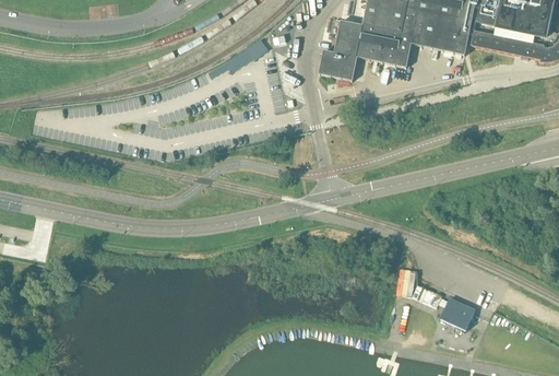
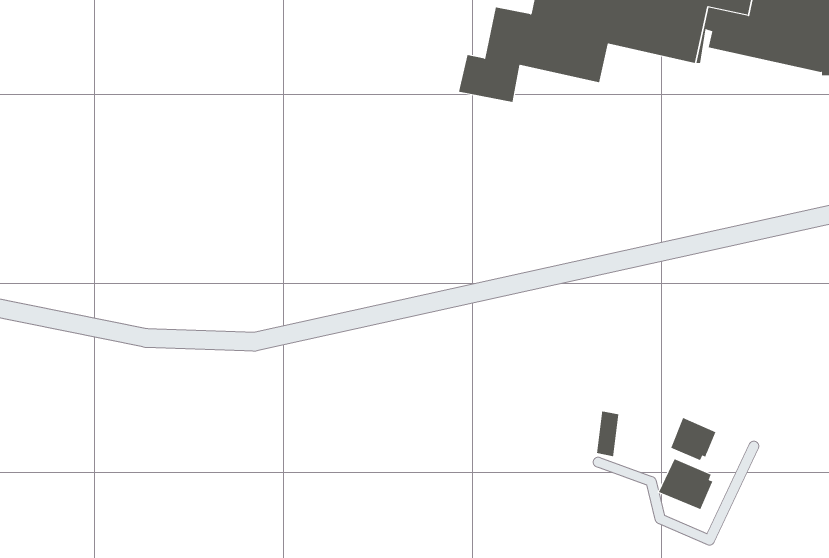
building: none -> [671,417,716,461]

